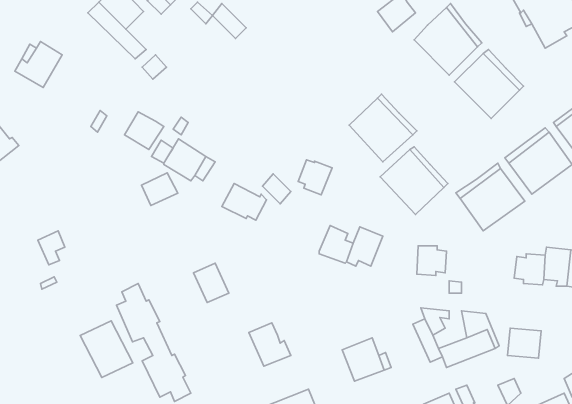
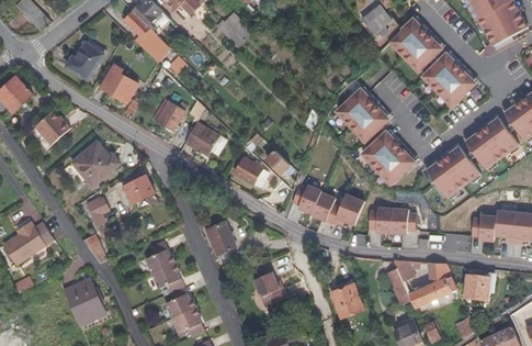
building: none -> [101,68,138,103]
building: [298,160,332,195] -> [293,185,320,213]
building: none -> [70,142,117,186]
building: [141,173,178,205] -> [125,175,155,201]
building: none -> [367,208,392,232]
building: [80,321,133,378] -> [59,281,102,327]

